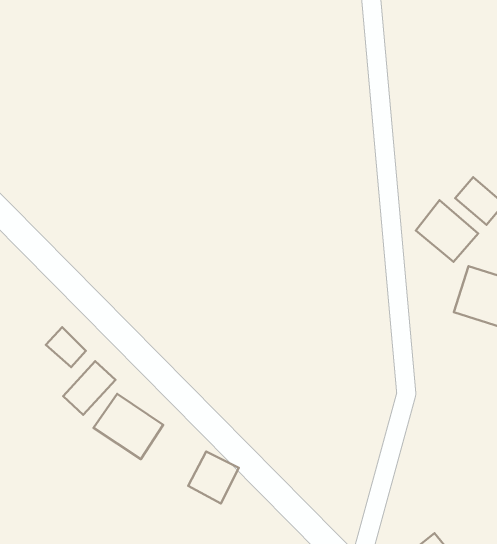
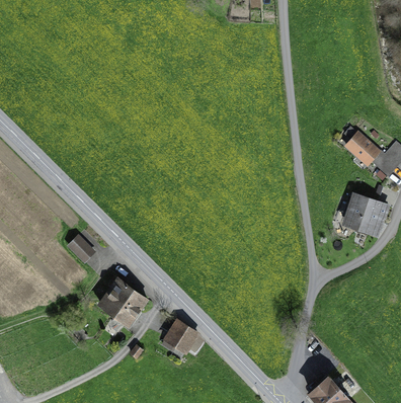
building: [416,200,478,262] -> none
building: [63,361,115,415] -> none

